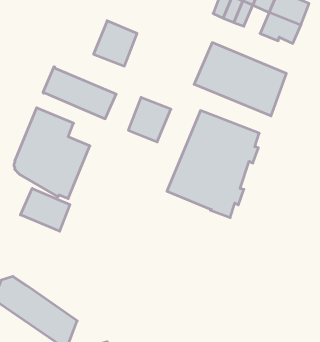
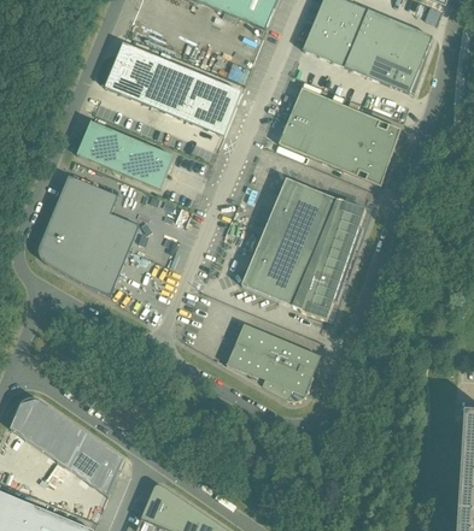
building: none -> [344,37,378,75]
building: none -> [104,41,162,102]
building: [128,97,171,142] -> [185,75,241,134]
building: [20,188,70,231] -> none
building: none -> [216,323,320,400]

